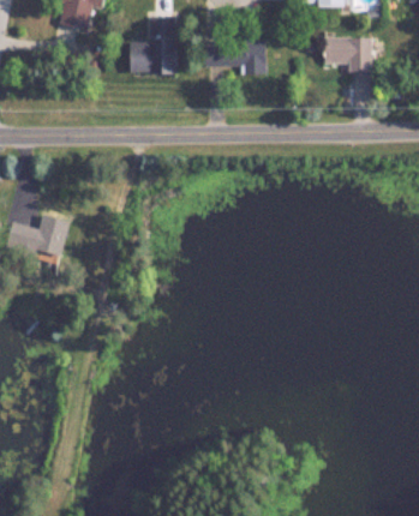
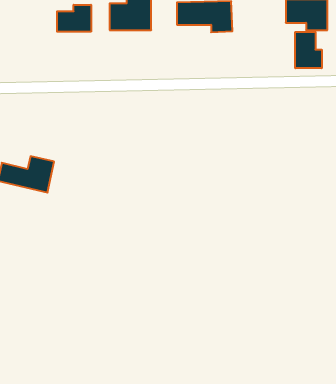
building: none -> [57,5,91,32]
building: none -> [295,32,322,68]

